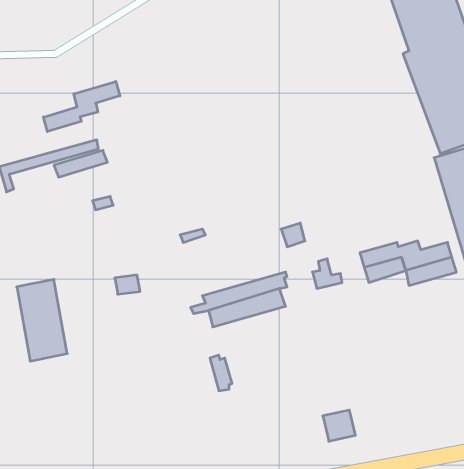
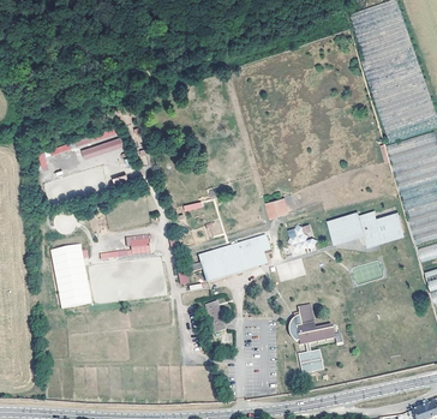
building: [43,81,120,132] -> none
building: none -> [287,305,334,346]

